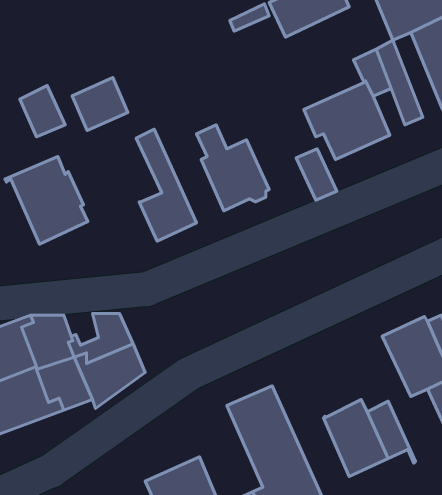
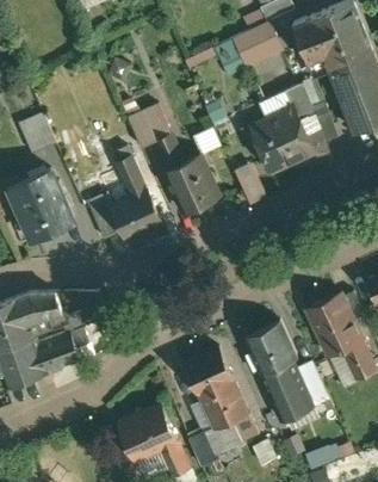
building: [72,78,128,131] -> [126,104,171,146]
building: none -> [89,191,125,235]
building: none -> [244,320,296,373]

